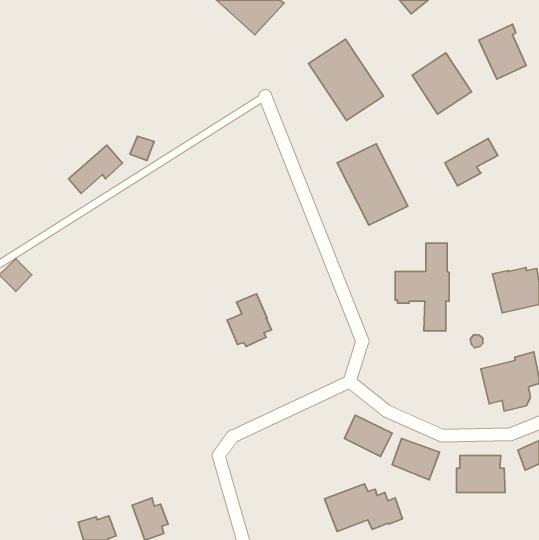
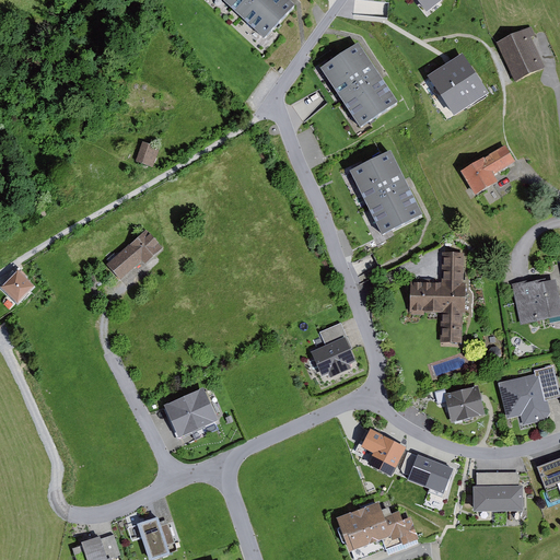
building: [69,145,123,194] -> [106,229,162,279]
building: [227,294,271,347] -> [310,323,355,377]
building: none -> [443,385,483,421]
building: none -> [164,386,218,436]

